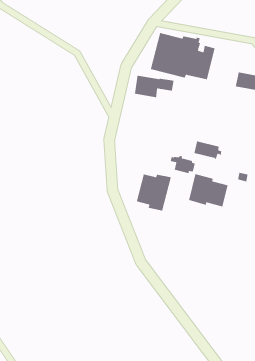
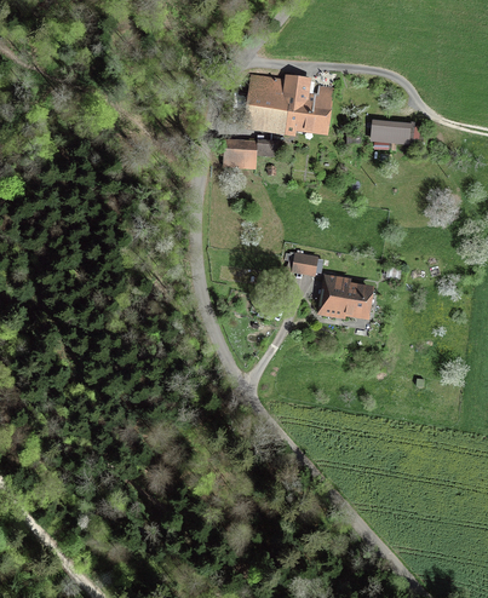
building: [193,140,222,159] -> none
building: [136,174,172,212] -> none

